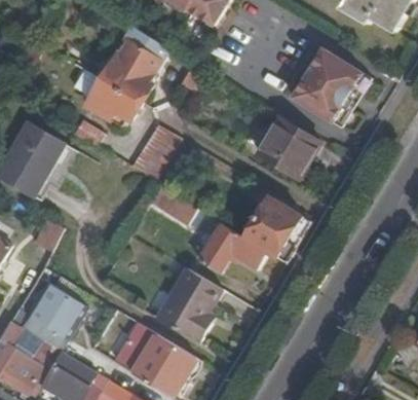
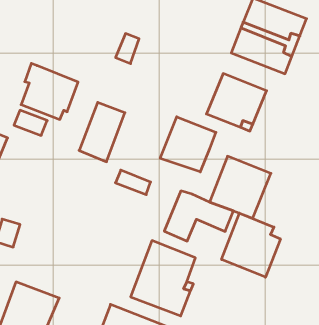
building: [102,26,167,101] -> none
building: none -> [160,117,216,172]
building: none -> [222,213,280,277]

